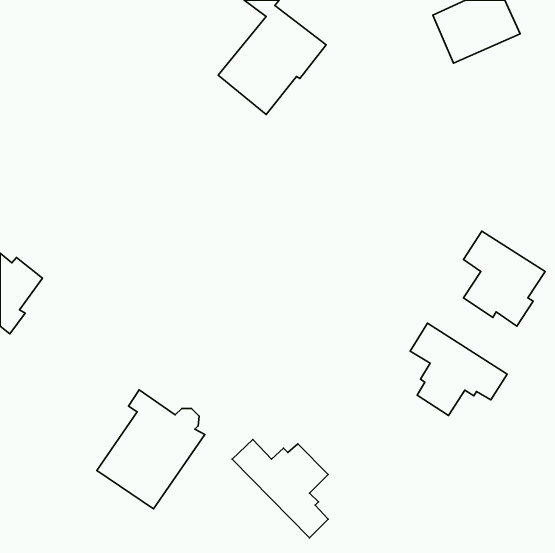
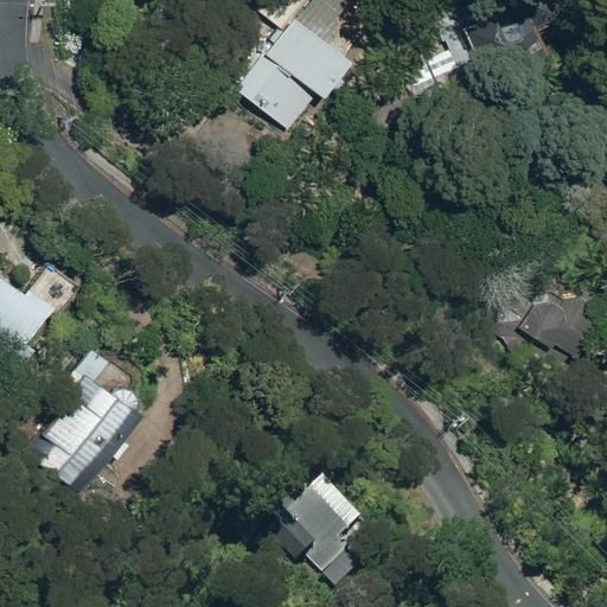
building: [410,323,507,415] -> none
building: [97,390,205,509] -> [19,365,136,494]

